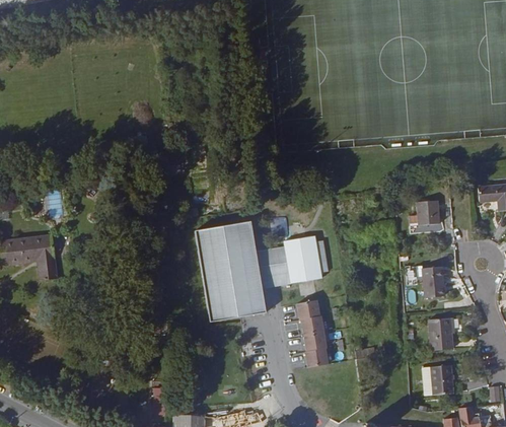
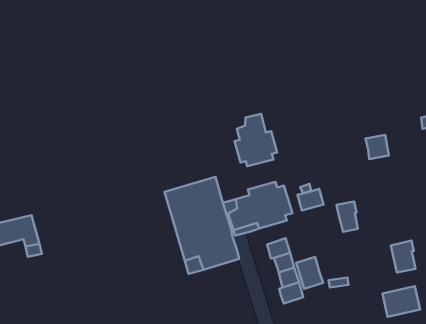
building: none -> [235,114,277,166]
building: none -> [298,189,324,211]
building: [423,267,443,297] -> [336,201,358,232]
building: none -> [296,257,323,289]

